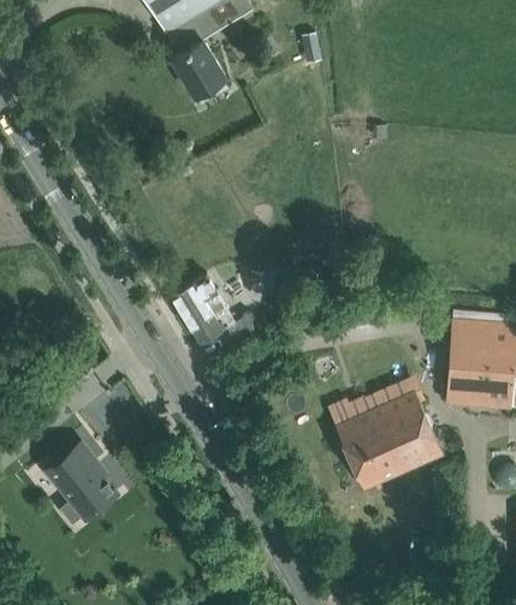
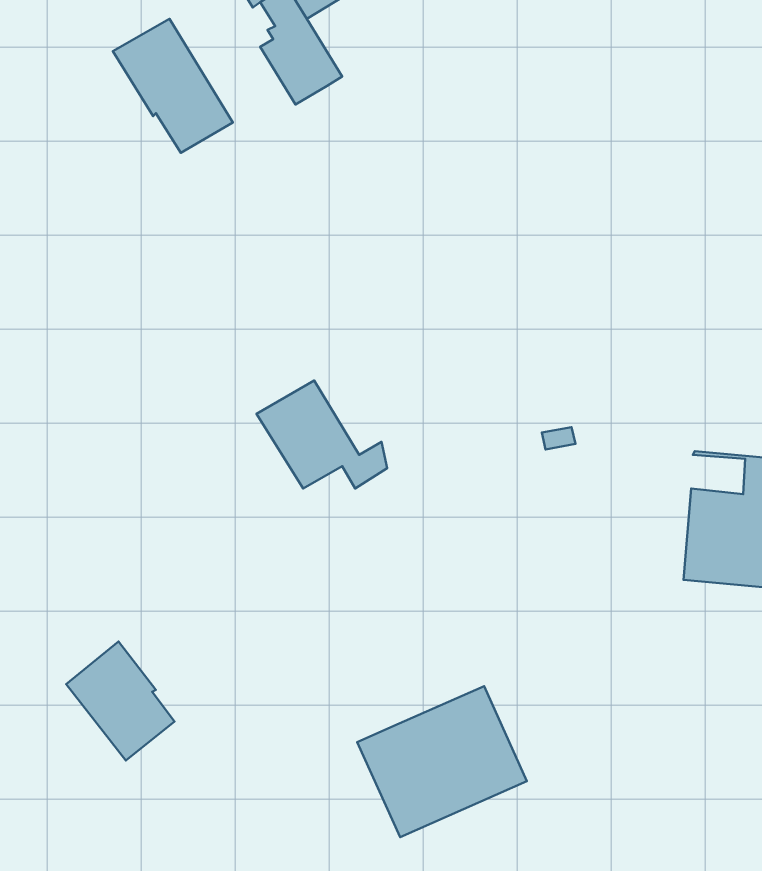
building: none -> [113,19,233,153]
building: [334,388,444,486] -> [357,686,527,837]

